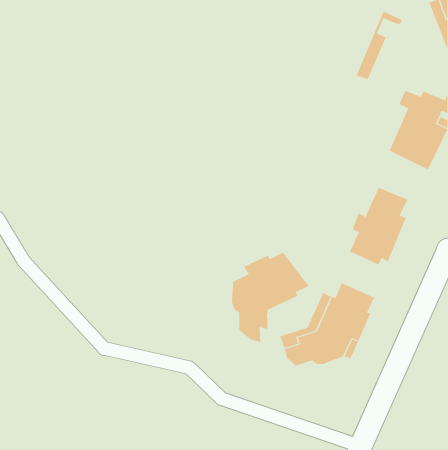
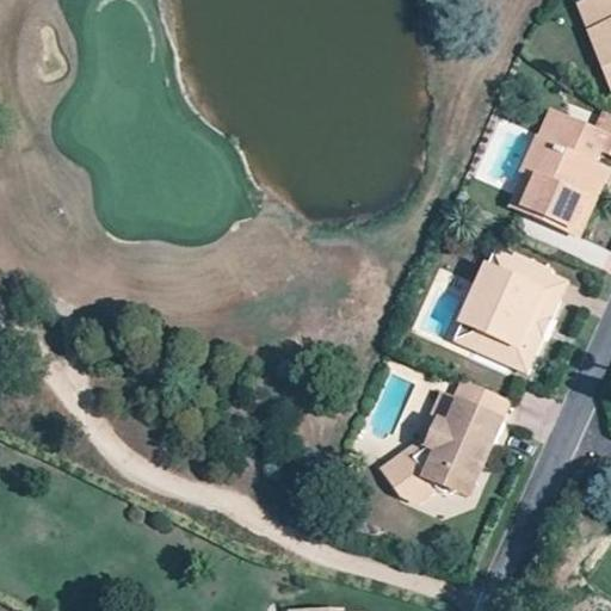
building: [356,11,402,80] -> [510,111,573,204]
building: none -> [451,248,567,375]
building: [231,252,310,343] -> none

